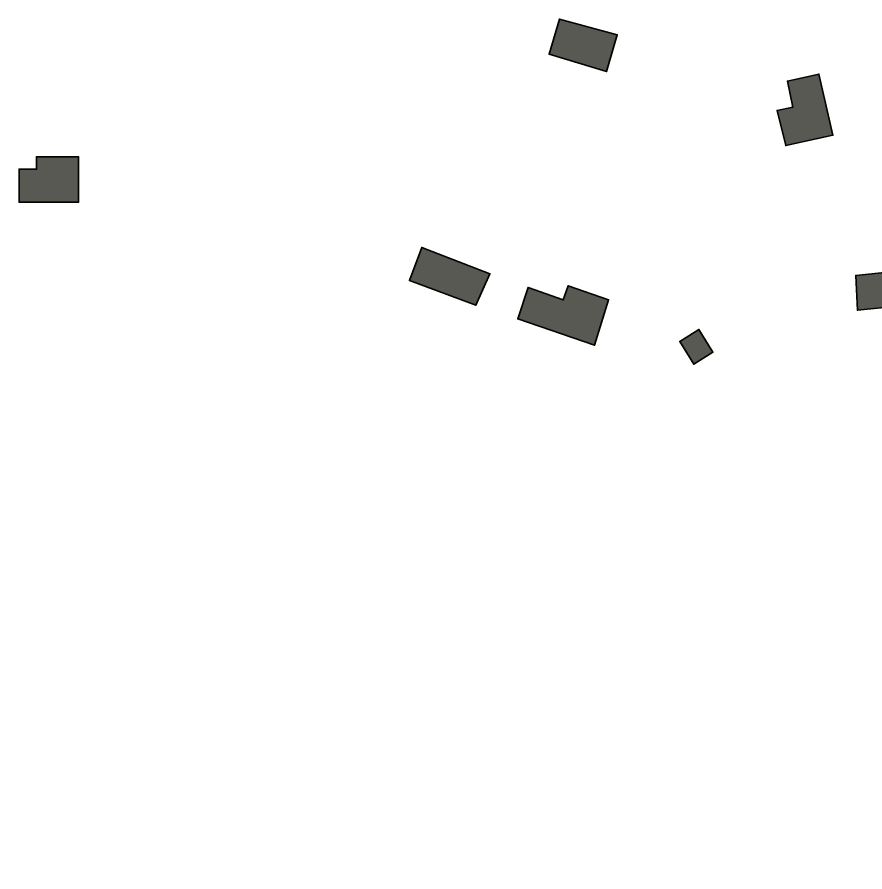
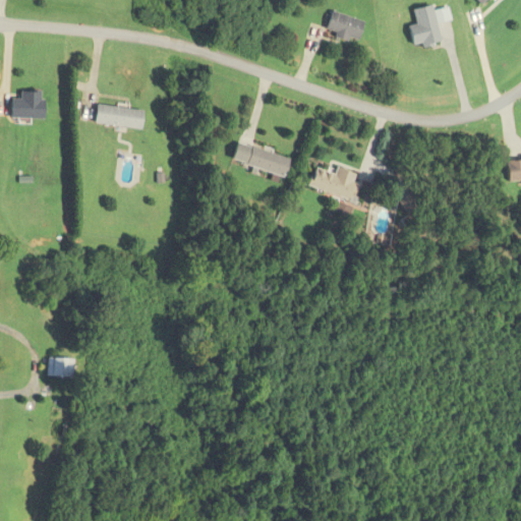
building: [777,74,833,146] -> [408,5,441,47]
building: none -> [95,104,144,129]
building: none -> [49,359,73,378]

